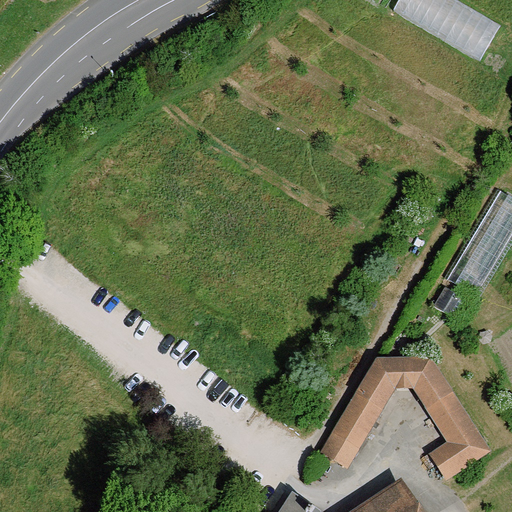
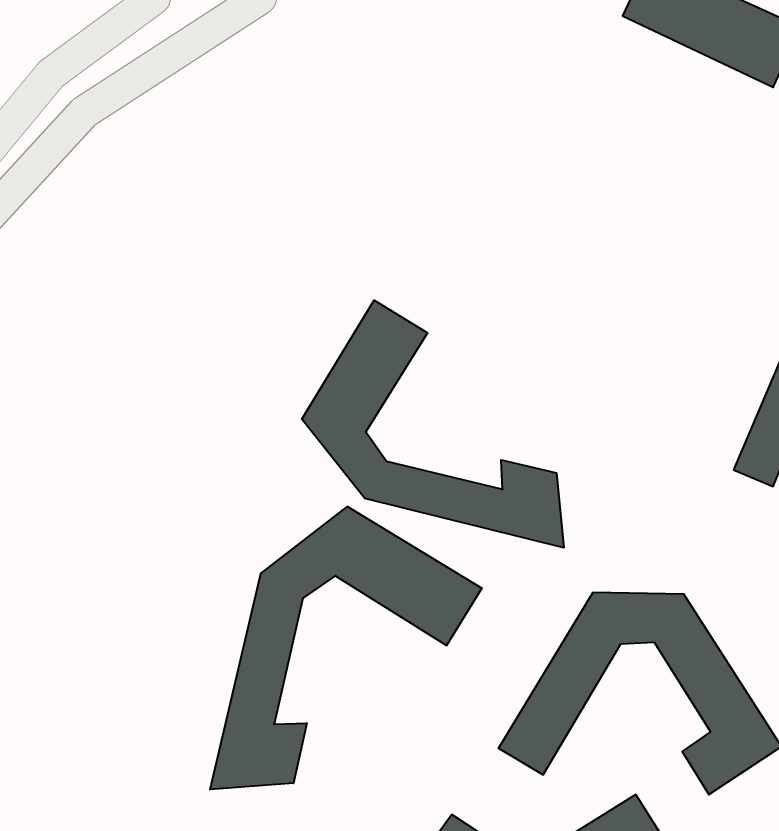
building: none -> [302,300,564,548]
building: none -> [210,507,482,790]

